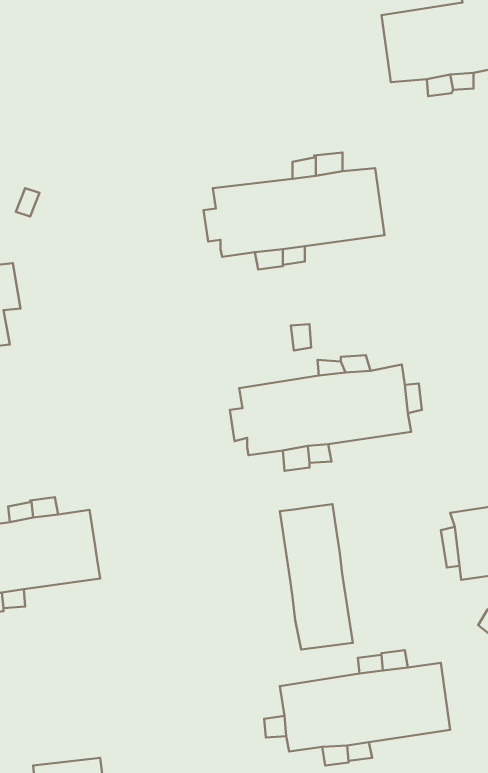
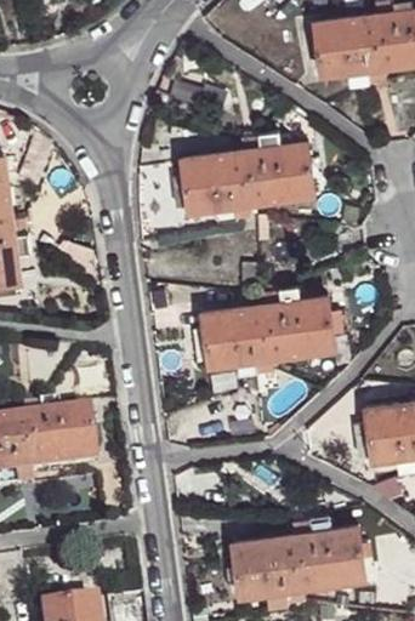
building: [280,504,353,649] -> none

